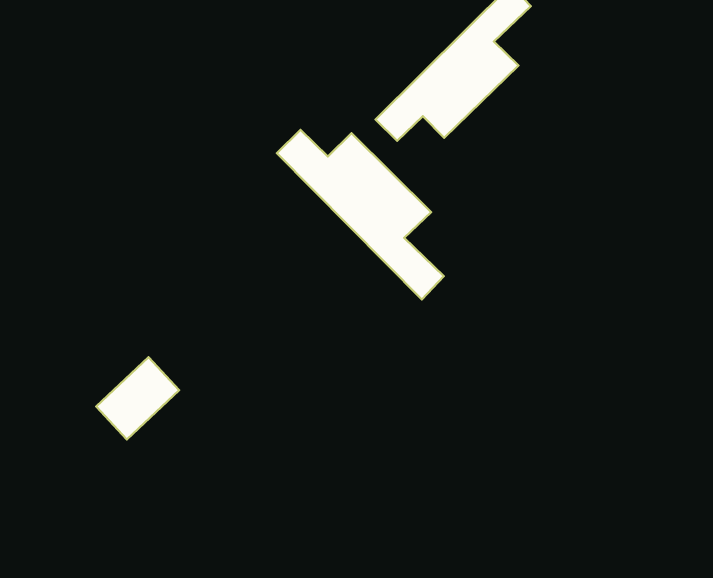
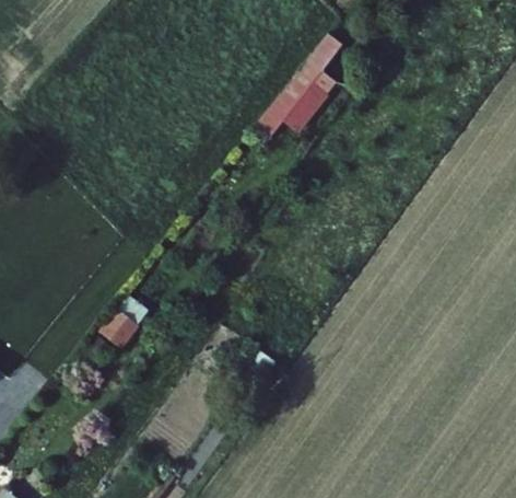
building: [277,130,444,299] -> none

